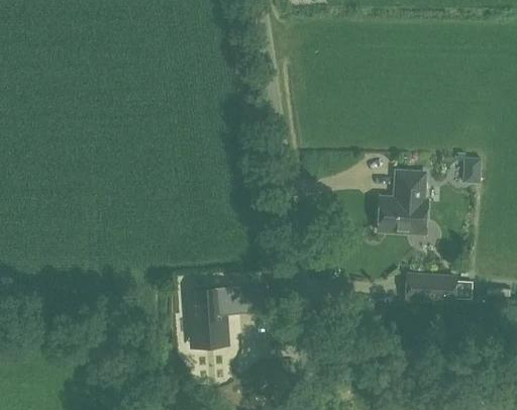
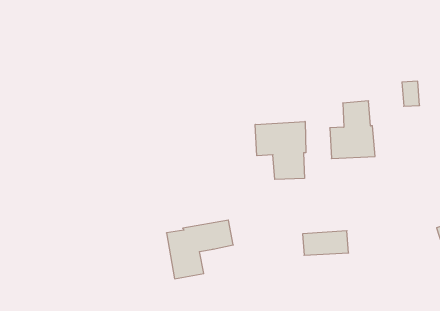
building: none -> [255,121,306,179]
building: [407,275,456,301] -> [303,231,349,255]

